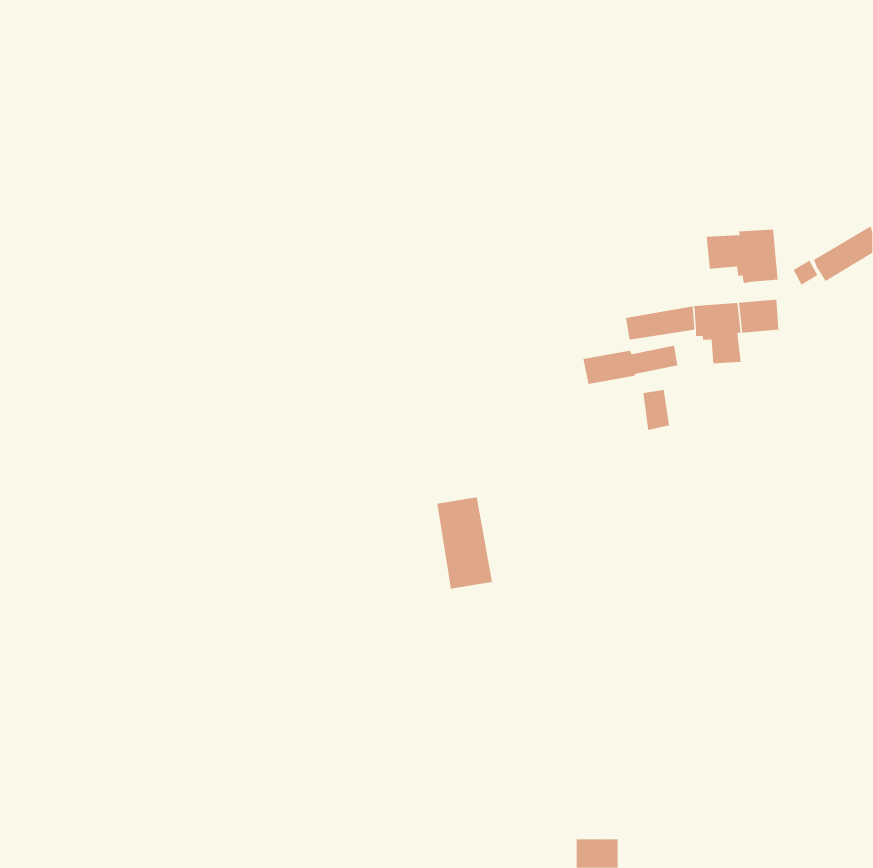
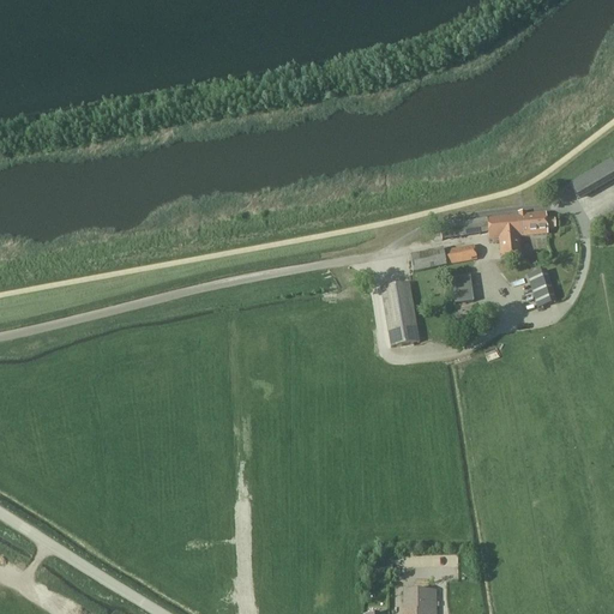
building: [706,229,778,284] -> none
building: none -> [525,267,555,306]
building: [437,497,493,589] -> [380,281,420,345]

